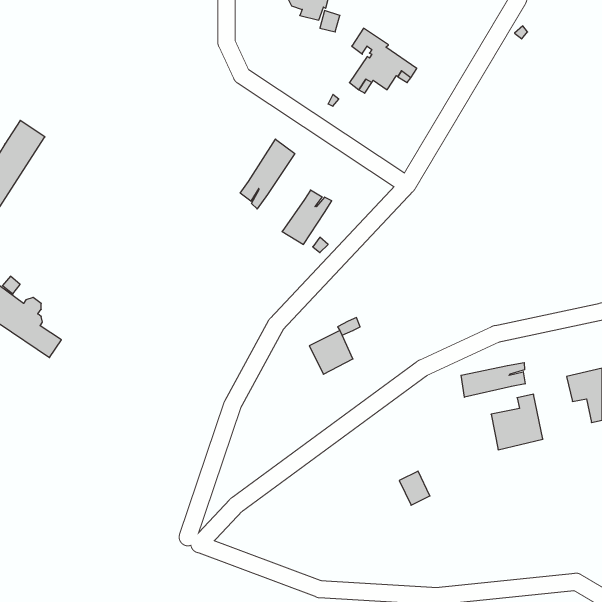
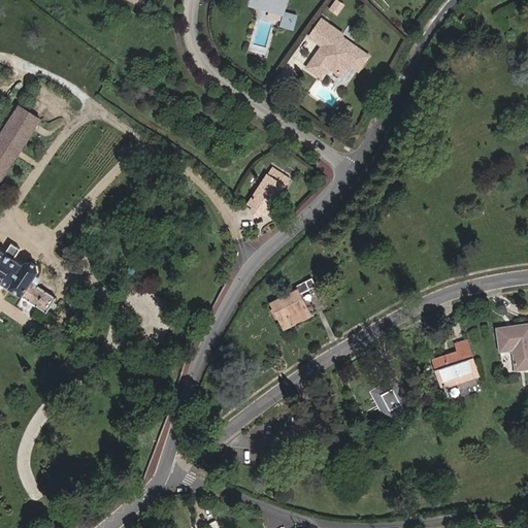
building: [240,139,295,209] -> none
building: [461,363,525,397] -> none
building: [399,471,430,505] -> [373,384,400,414]

